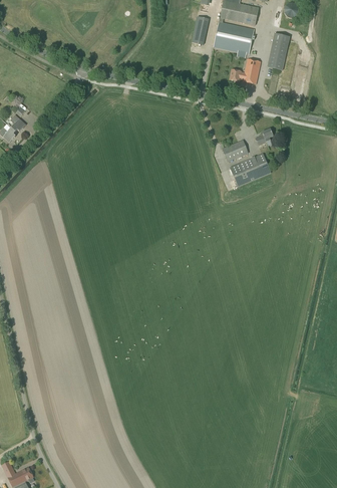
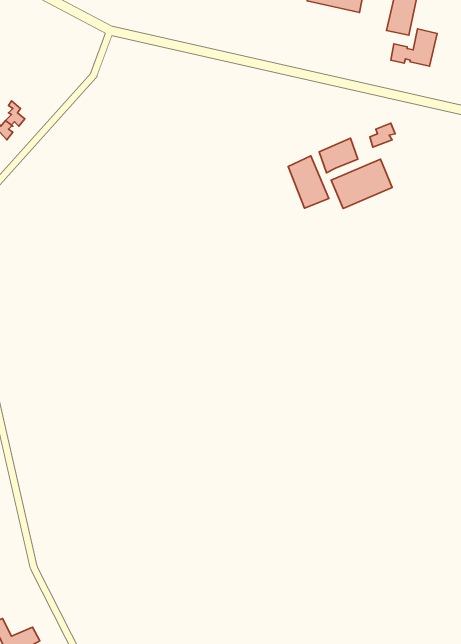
building: [230,59,261,84] -> [391,29,437,66]
building: none -> [288,156,329,208]

